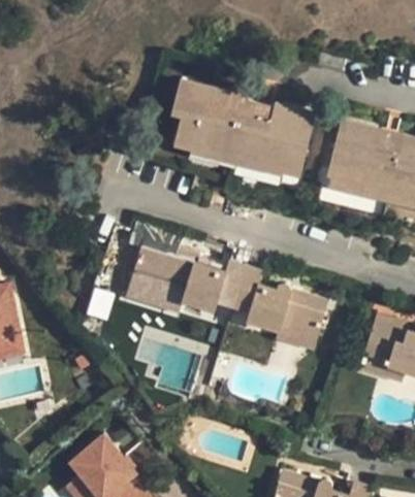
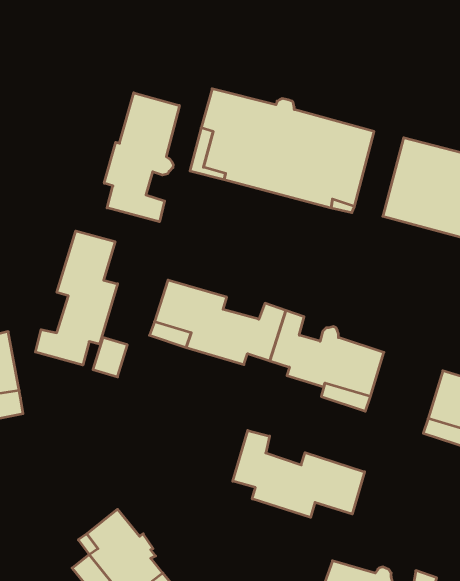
building: none -> [104,93,179,222]
building: none -> [35,231,118,365]
building: none -> [233,430,365,517]

